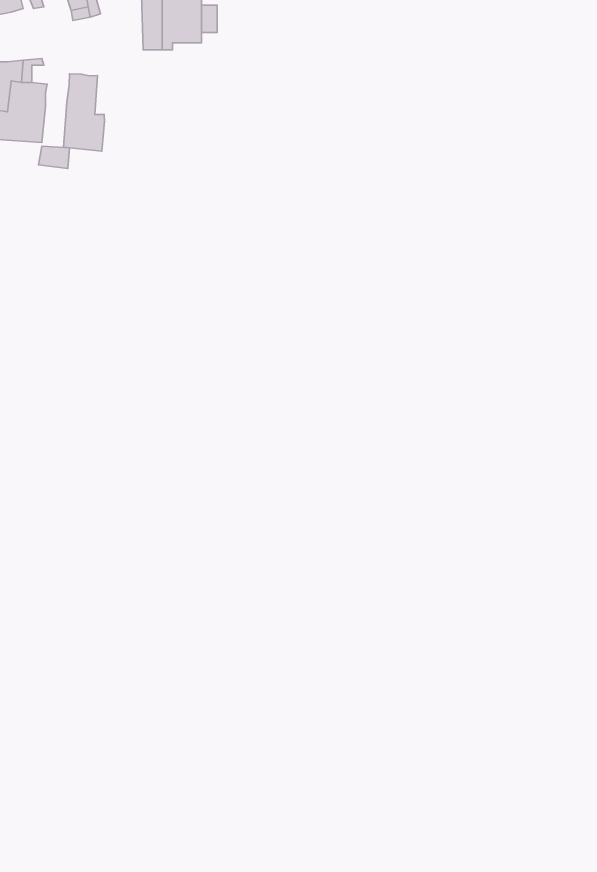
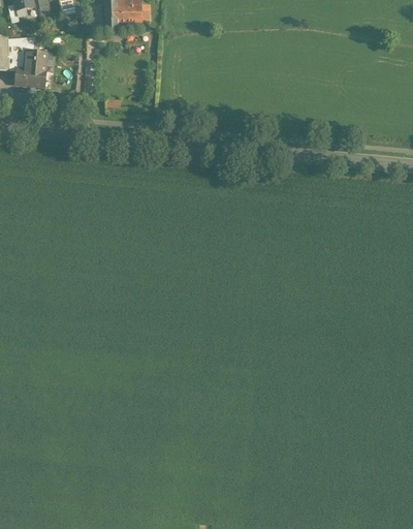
building: [63,74,105,151] -> none

